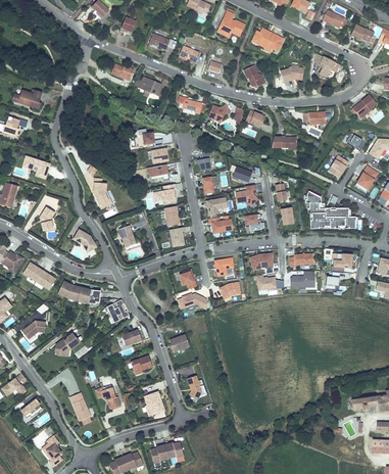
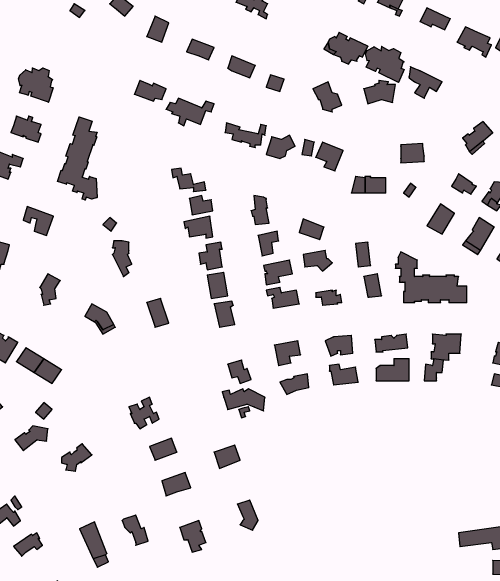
building: [218,10,245,37] -> none
building: none -> [366,46,404,82]
building: none -> [19,68,53,102]
building: none -> [58,117,97,200]
building: [58,281,100,303] -> none

